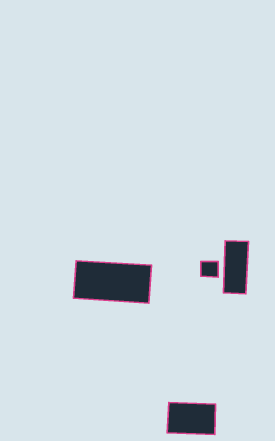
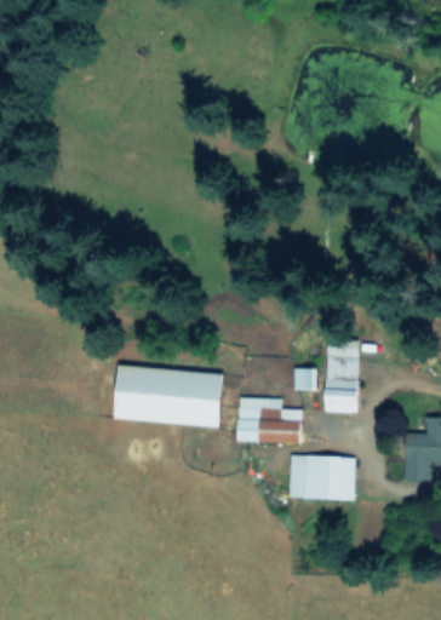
building: none -> [237,397,300,443]
building: [167,402,216,435] -> [287,455,355,500]

